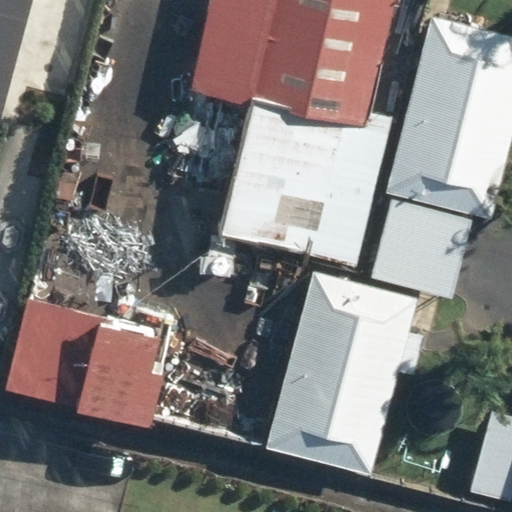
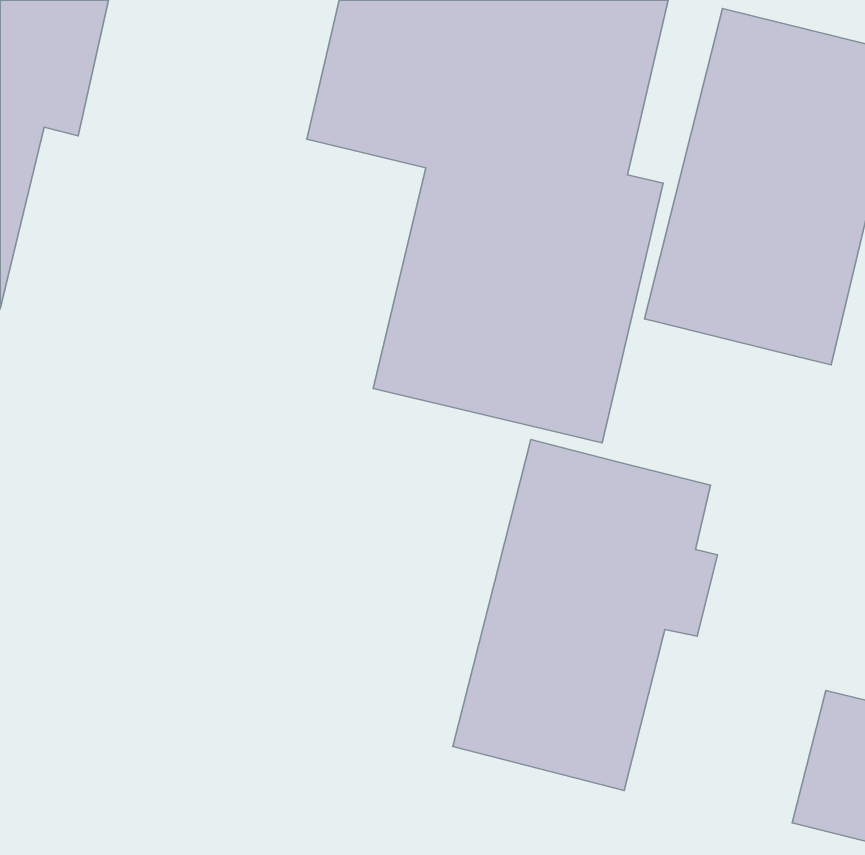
building: [368,199,469,299] -> none
building: [19,307,164,418] -> none

